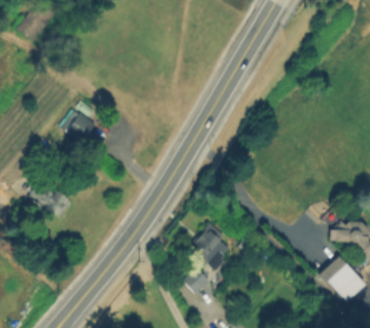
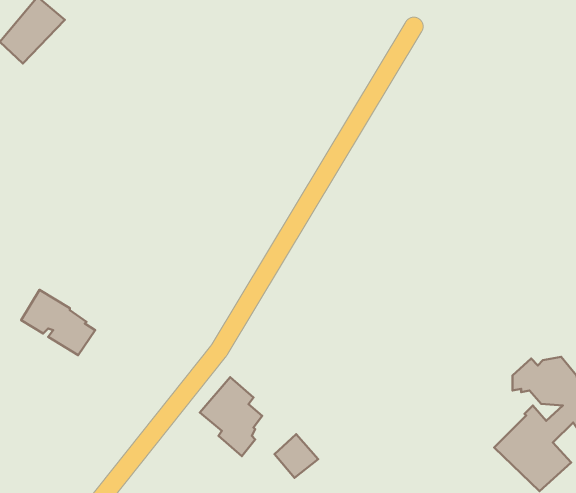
building: [61,110,95,144] -> none
building: [190,223,228,271] -> [200,377,262,456]

